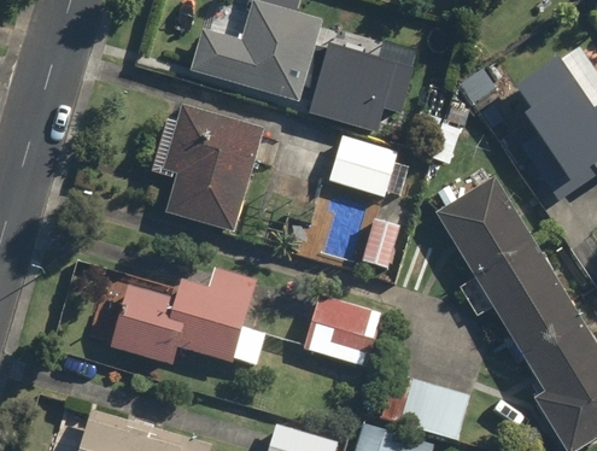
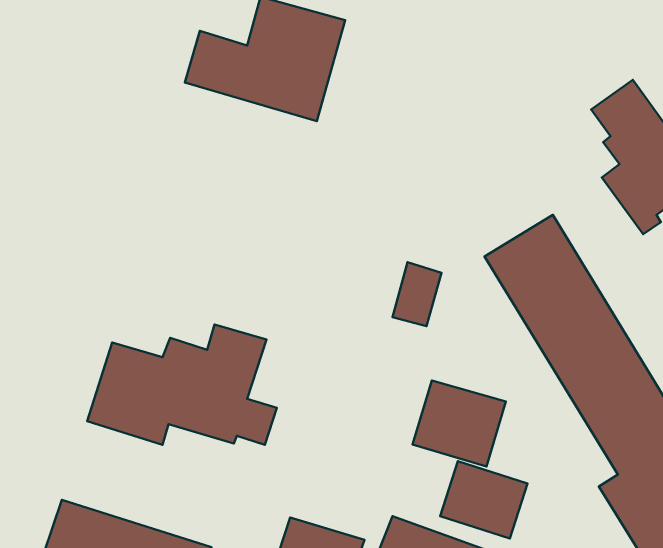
building: [312,41,410,127] -> none
building: [162,107,263,233] -> none
building: [329,134,411,198] -> none
building: [308,295,384,365] -> [412,381,506,467]

